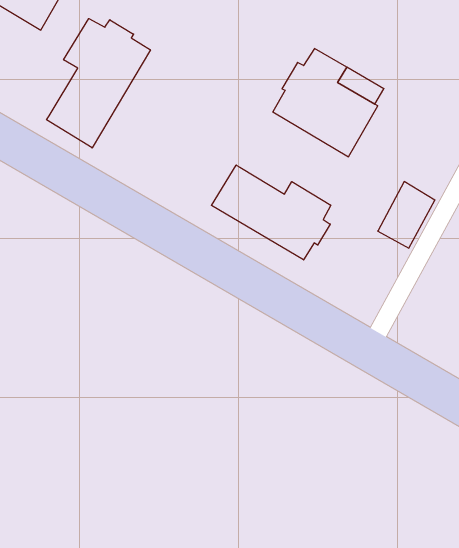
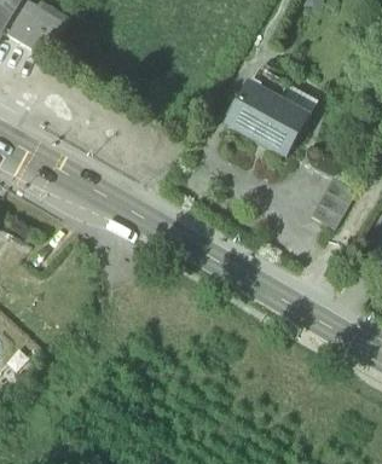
building: [47,19,150,148] -> none
building: [211,165,331,260] -> none

